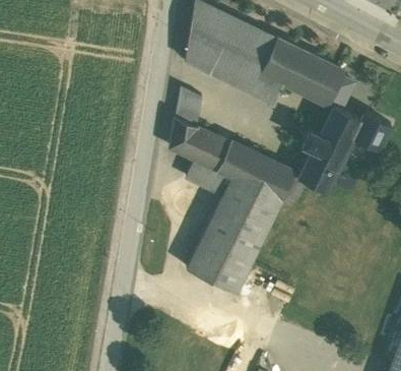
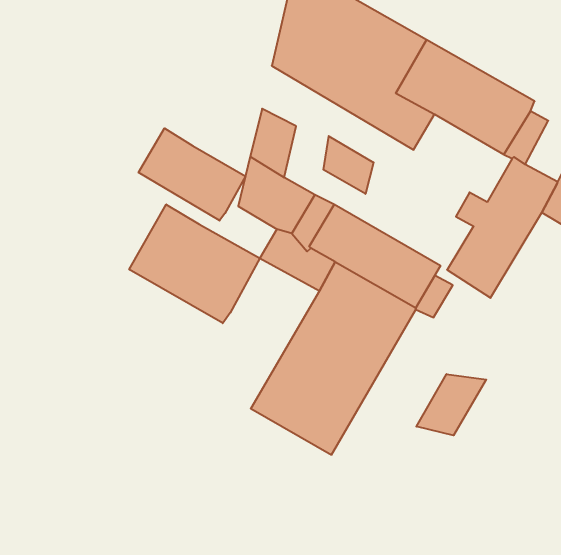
building: none -> [323,136,374,194]
building: none -> [139,128,245,221]
building: none -> [129,204,260,323]
building: none -> [416,374,486,435]

